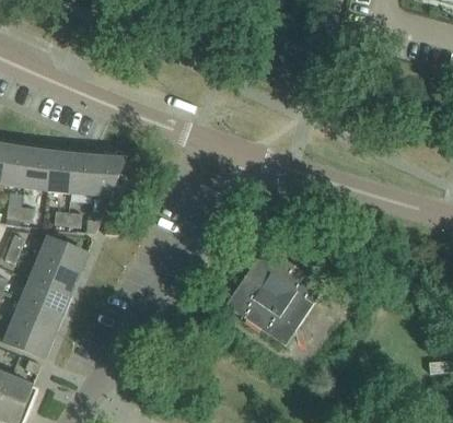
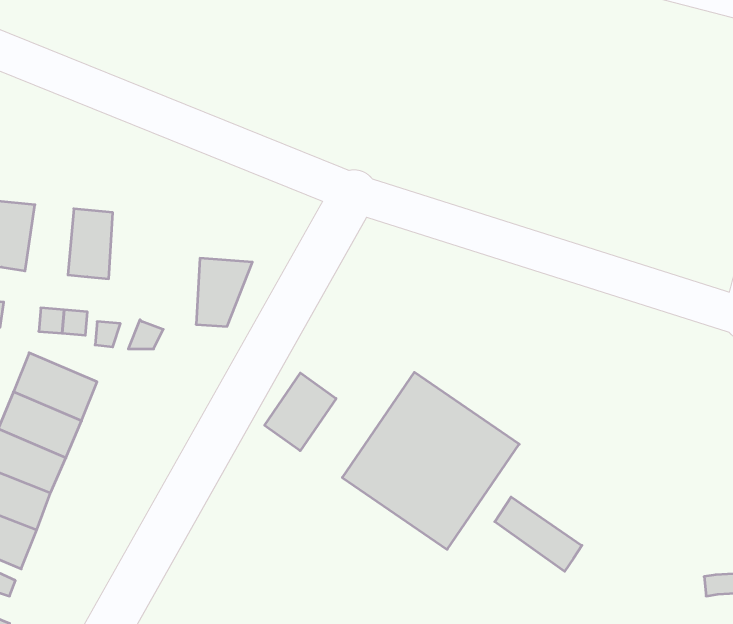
building: [46,151,73,190] -> none
building: [93,155,125,193] -> [196,258,252,326]
building: none -> [265,373,336,451]
building: none -> [495,497,582,571]

